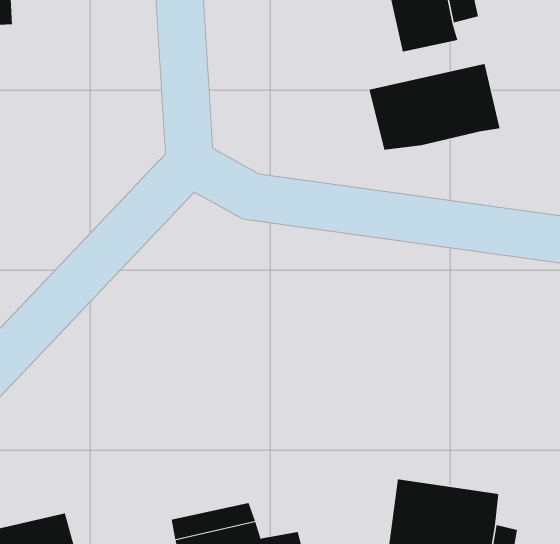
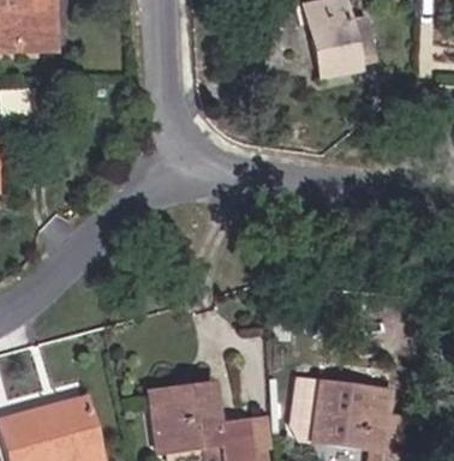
building: [369,63,500,150] -> none

